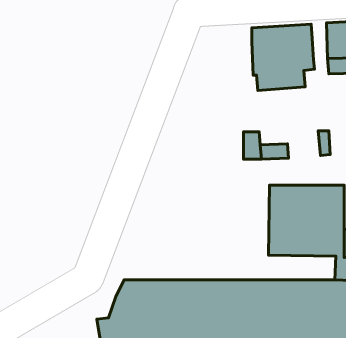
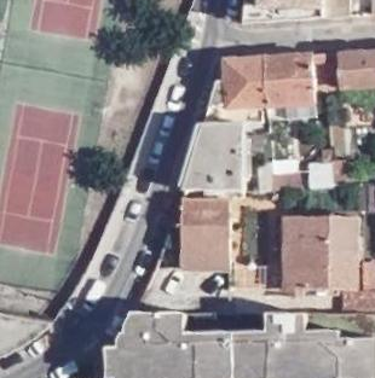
building: none -> [180,56,269,190]
building: none -> [156,202,227,269]

